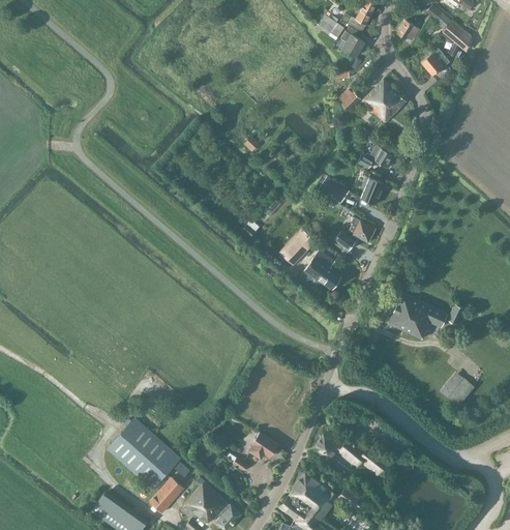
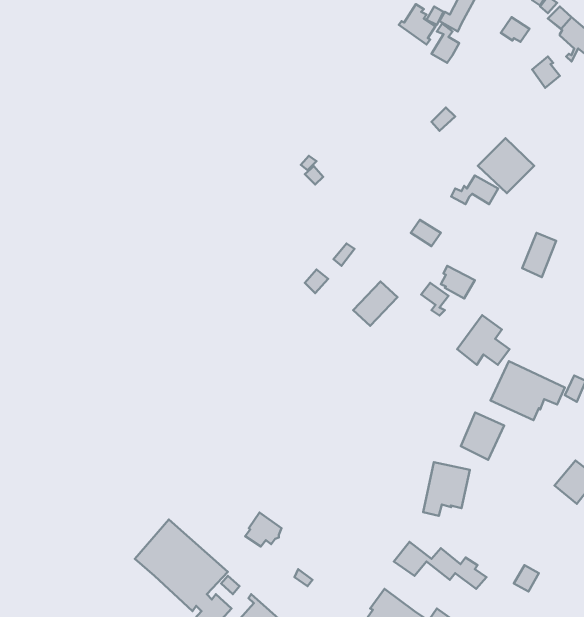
building: [362,80,407,123] -> [478,138,534,193]
building: [358,178,385,213] -> [522,233,556,277]
building: [300,251,341,290] -> [457,315,510,365]
building: none -> [461,412,504,460]
building: none -> [423,462,470,516]
building: [249,433,278,460] -> [245,513,282,547]

